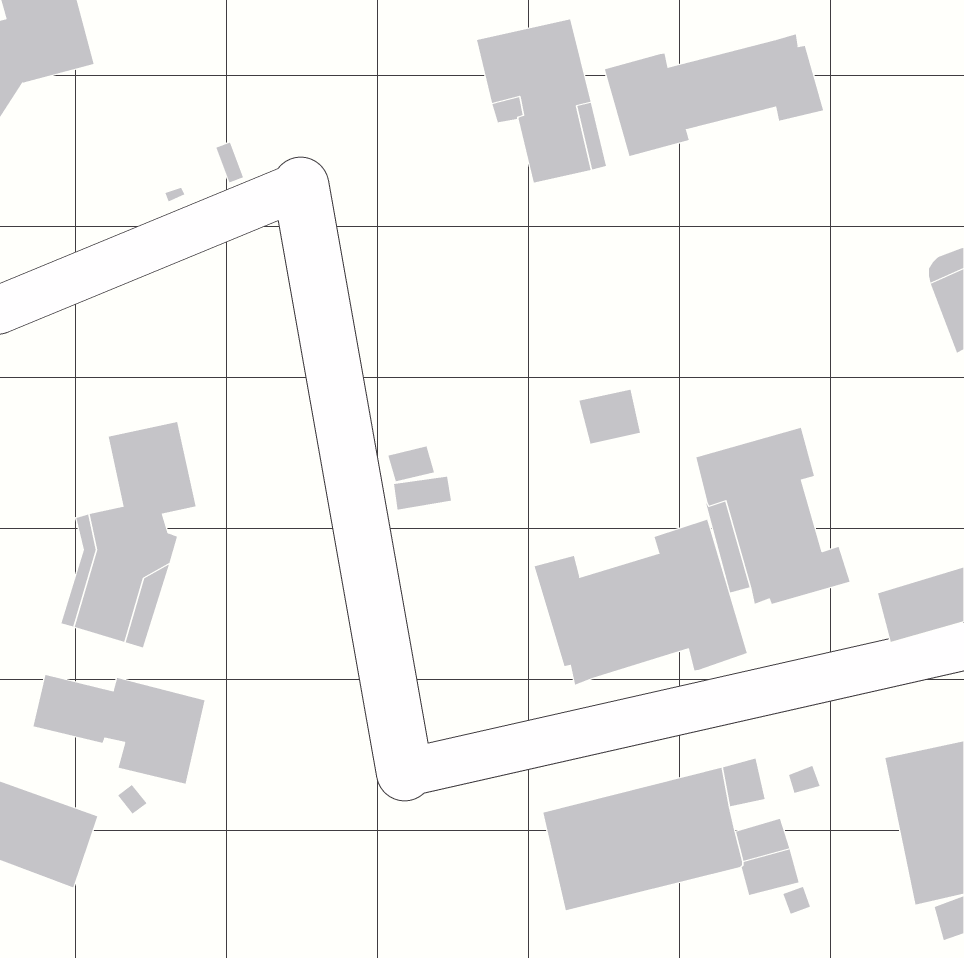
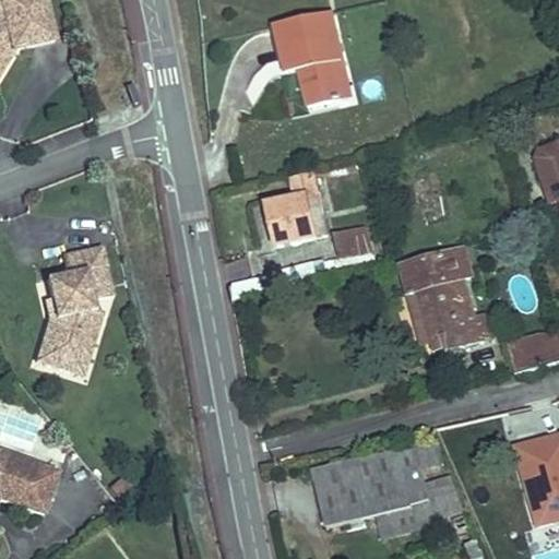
building: [604,33,824,157] -> none
building: none -> [270,173,326,245]
building: [534,519,748,685] -> none
building: [33,674,205,785] -> none

